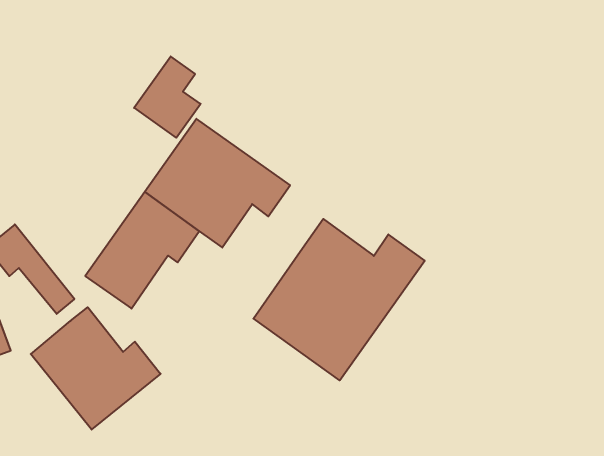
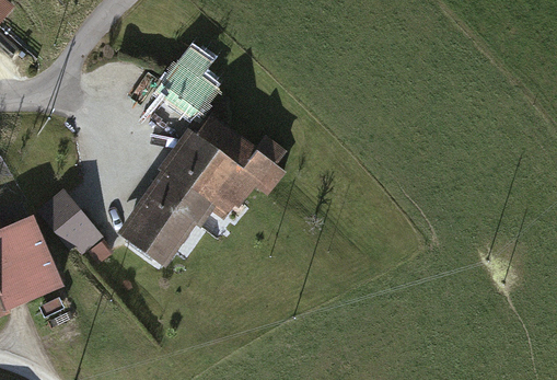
building: [253,219,425,380] -> none
building: [31,307,161,430] -> none

